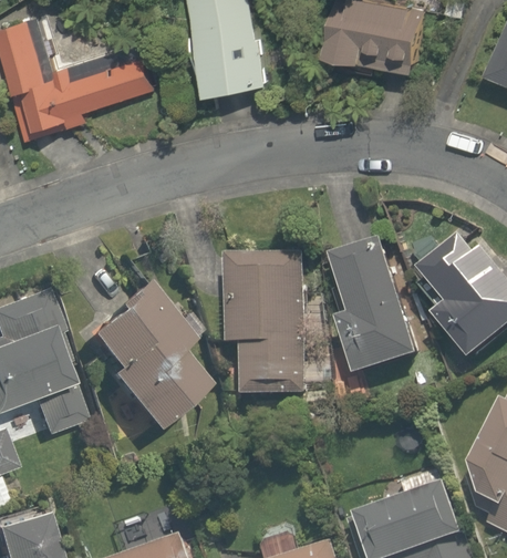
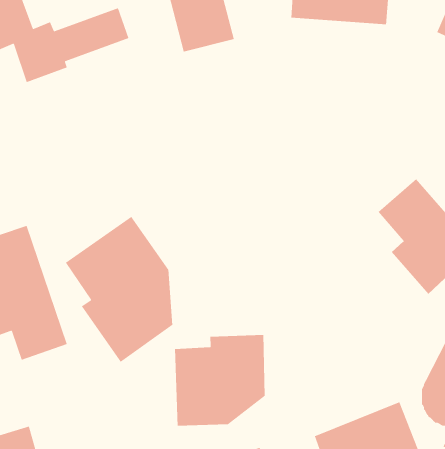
building: [332,242,426,382] -> none
building: [231,250,302,402] -> none
building: none -> [174,334,266,427]

